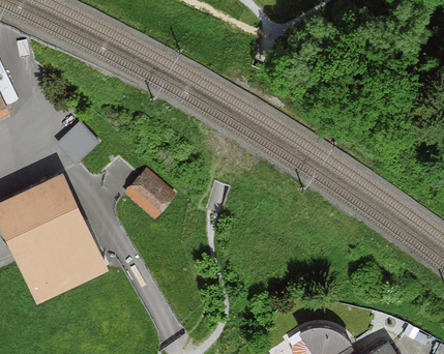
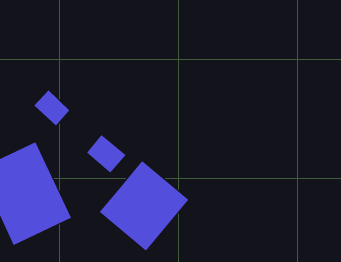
building: none -> [99,160,189,251]

